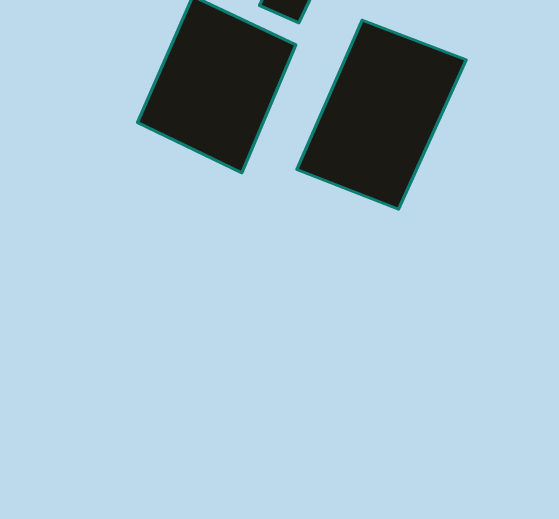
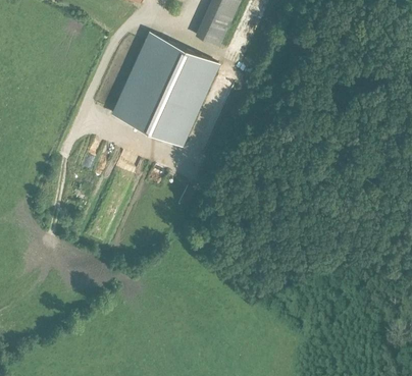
building: [297,20,466,209] -> none

